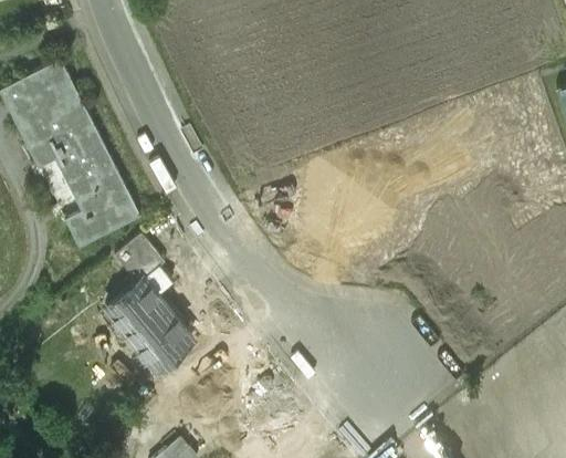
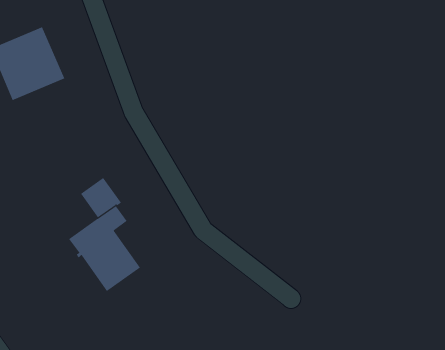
building: [31,122,142,250] -> none

